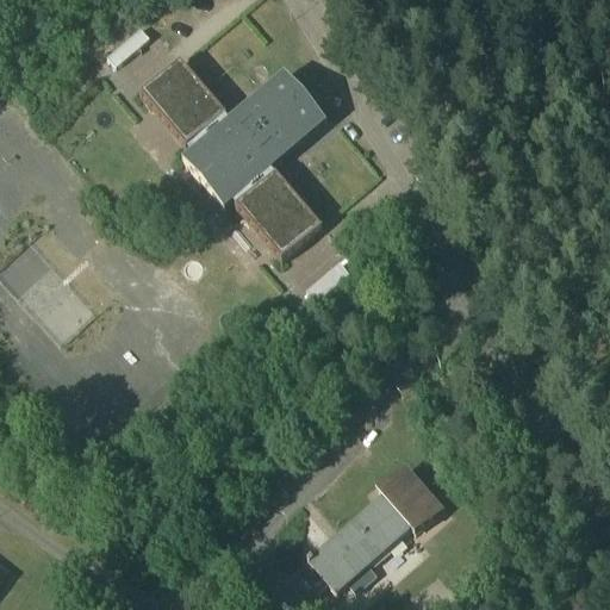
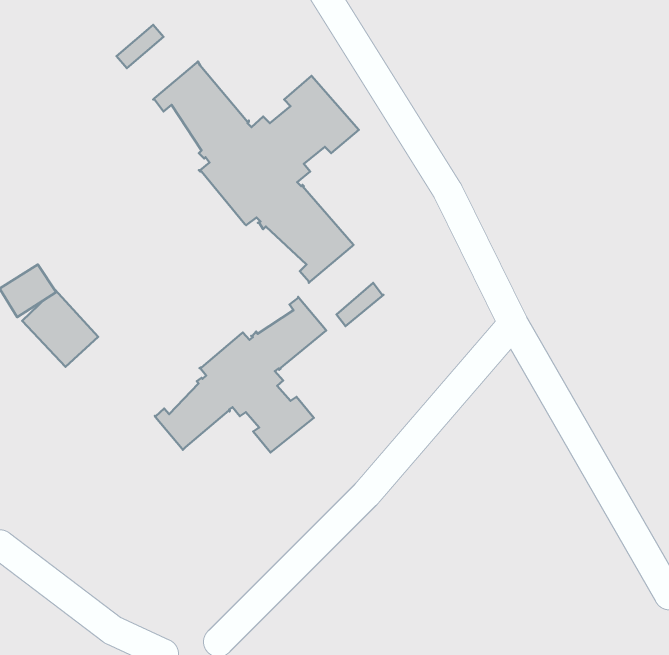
building: none -> [155,297,326,453]
building: [298,466,438,589] -> none

